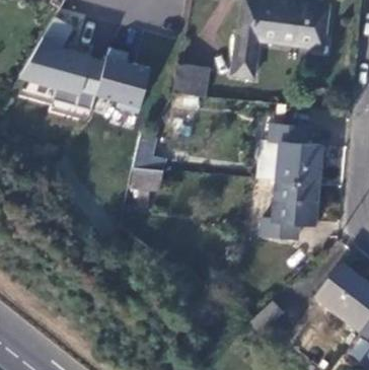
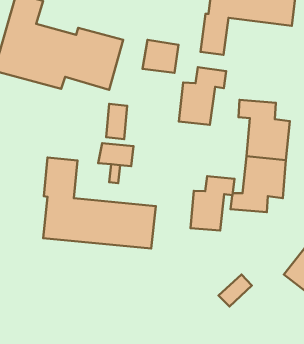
building: none -> [179,67,226,125]
building: none -> [43,158,156,249]
building: none -> [191,176,234,231]

